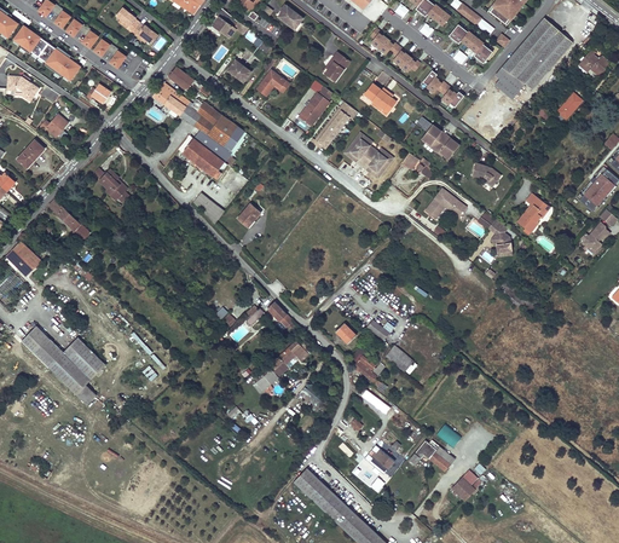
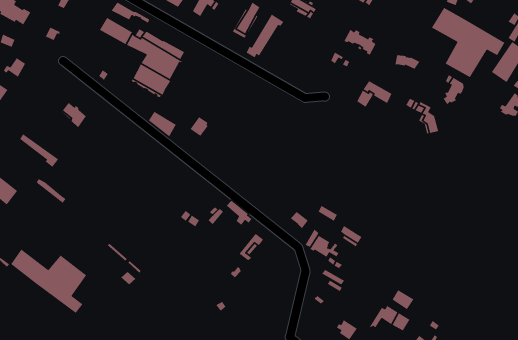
building: none -> [431,7,505,78]
building: [348,138,389,174] -> none

